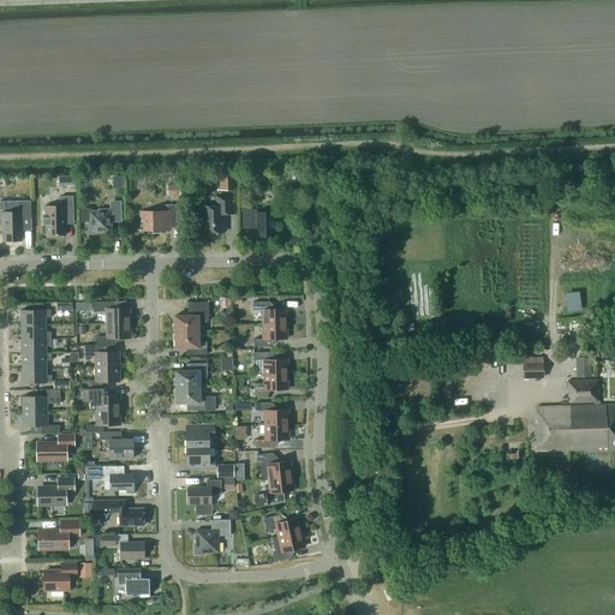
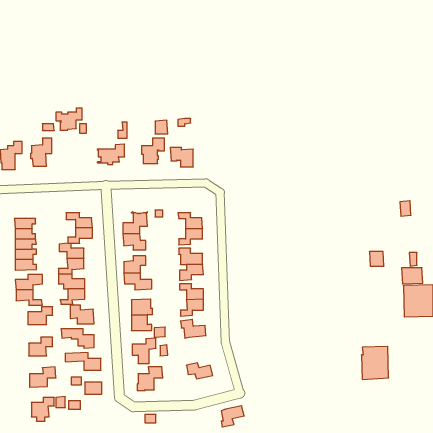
building: [82,203,119,234] -> [56,108,82,130]
building: [535,405,573,452] -> [361,346,389,379]
building: [255,476,293,507] -> none
building: [273,532,305,562] -> [221,406,244,427]
building: [118,568,150,597] -> none

